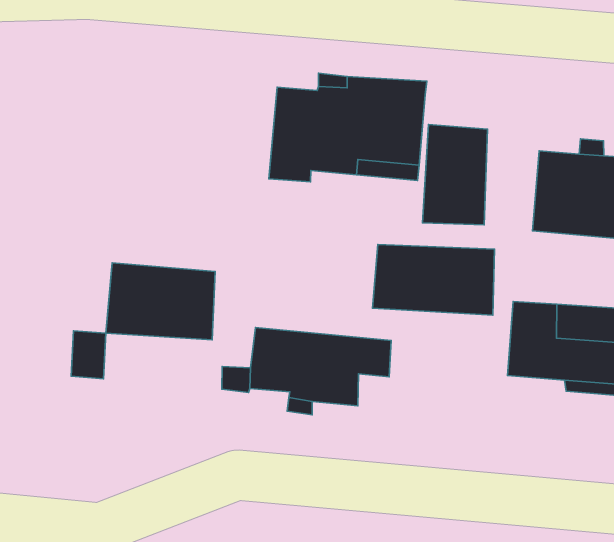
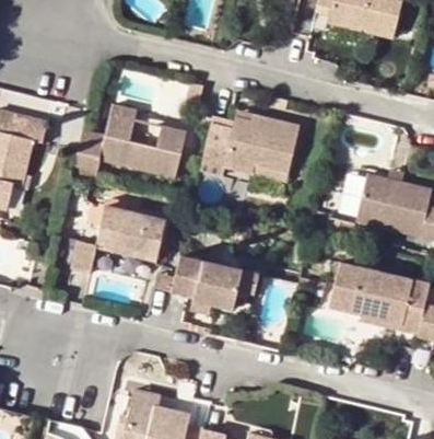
building: none -> [74,114,190,181]
building: [423,124,488,225] -> none
building: [372,244,495,315] -> none

